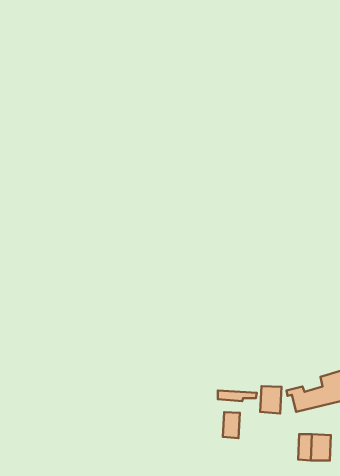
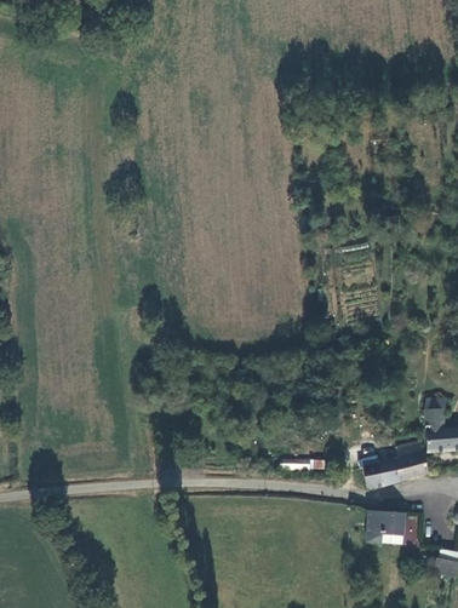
building: [260,386,282,414] -> none
building: [223,412,240,438] -> none

